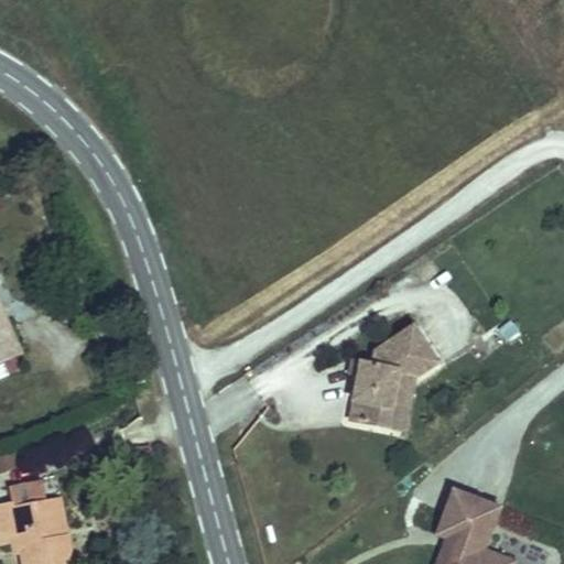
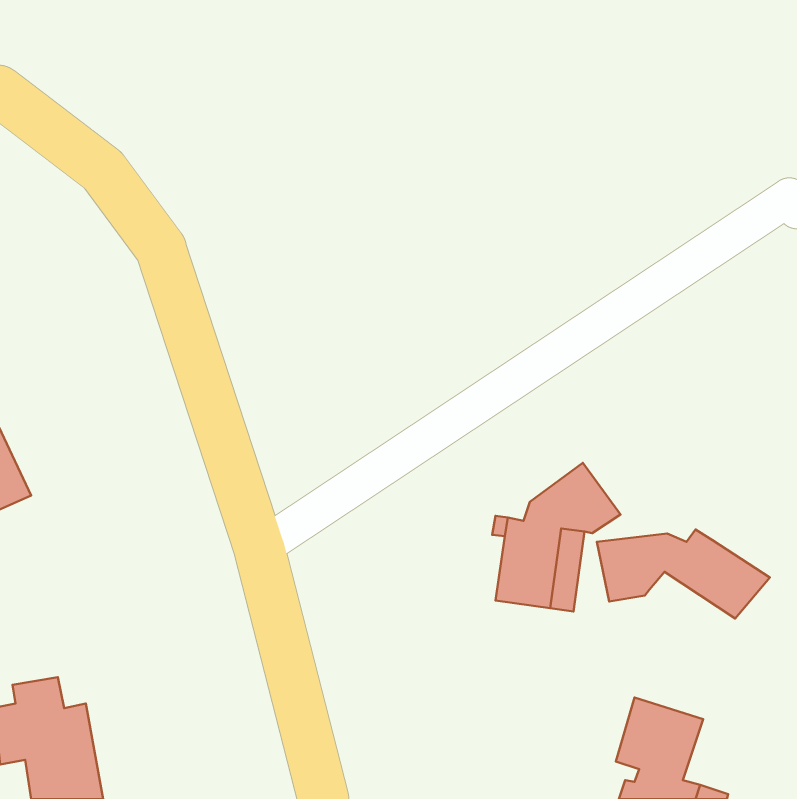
building: none -> [597,530,770,619]

